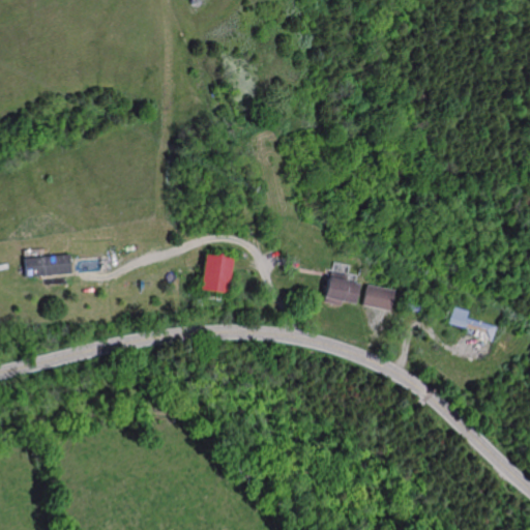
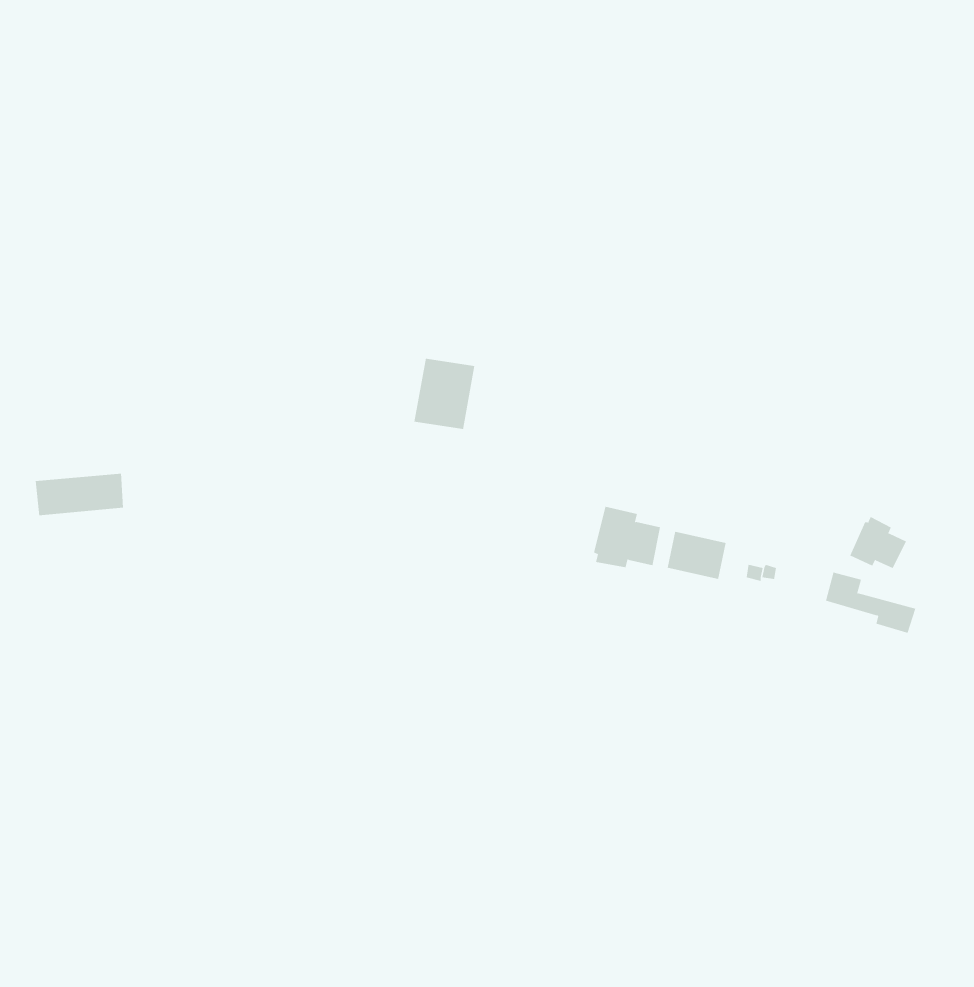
building: [200,254,233,292] -> [413,358,475,430]
building: none -> [849,516,907,569]

